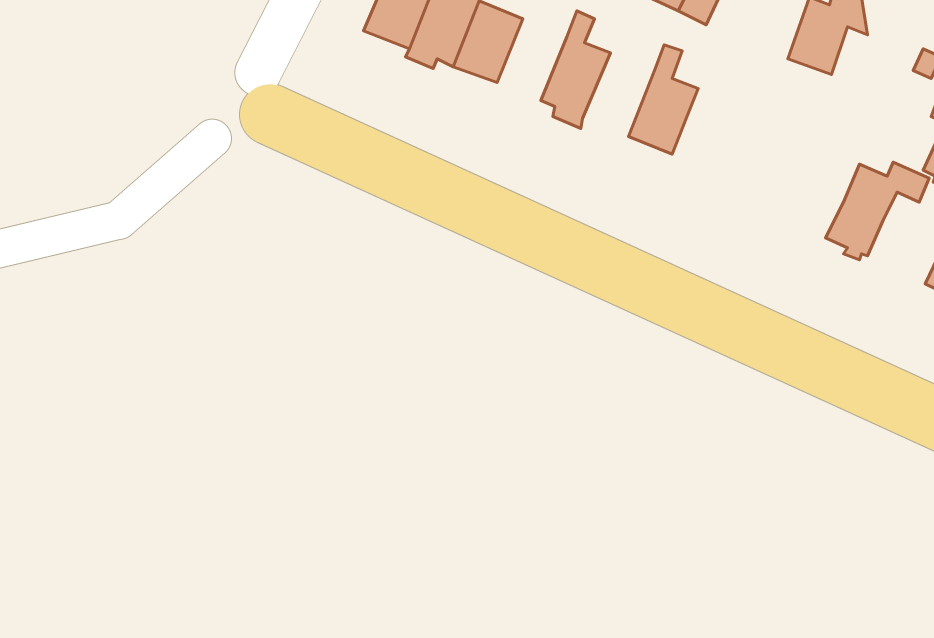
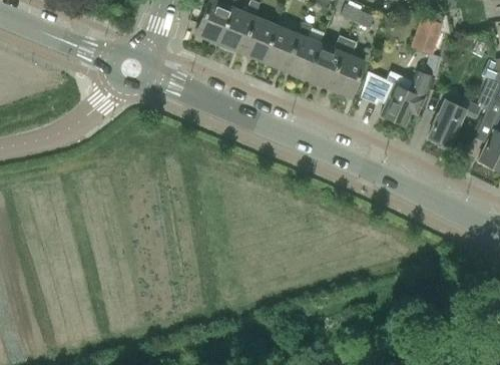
building: none -> [264,26,299,67]
building: none -> [307,35,348,85]
building: none -> [361,69,432,125]

